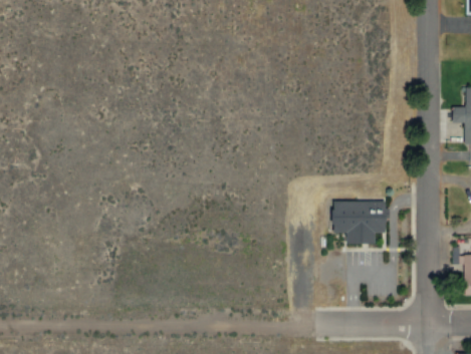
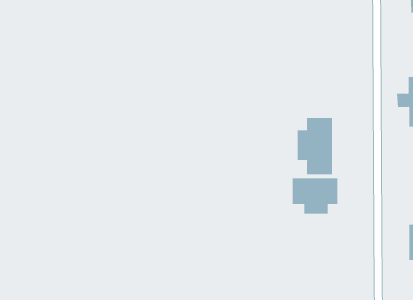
building: none -> [297,117,332,175]

